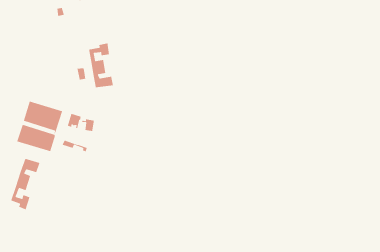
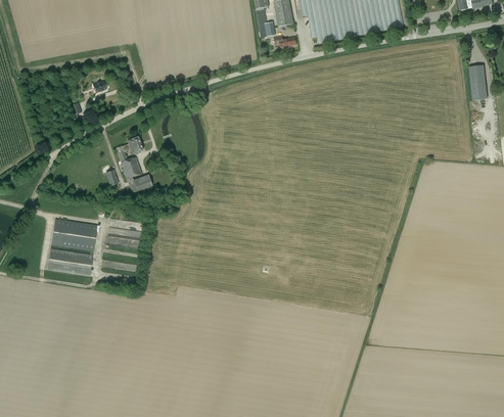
building: [10,158,41,210] -> none

